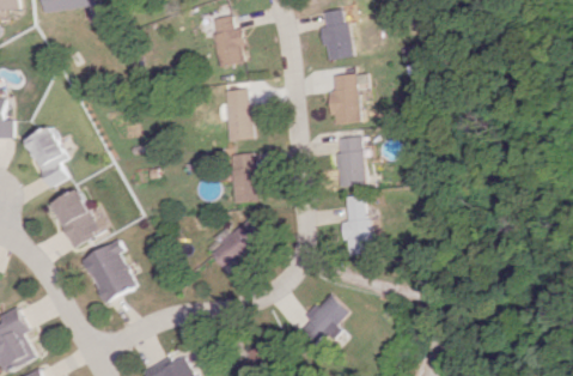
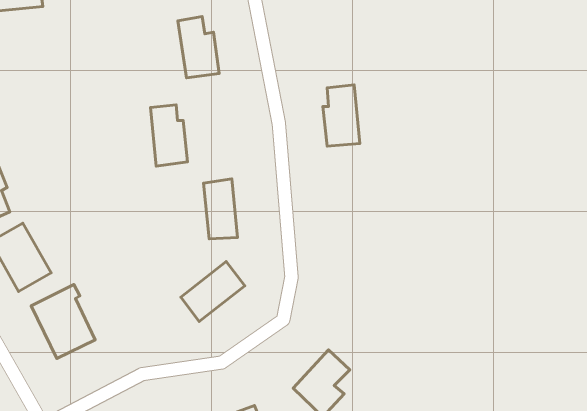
building: [318,7,350,60] -> none
building: [221,89,252,140] -> [151,105,188,166]
building: [336,135,366,186] -> none
building: [341,193,373,255] -> none

